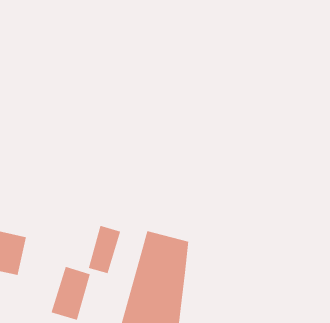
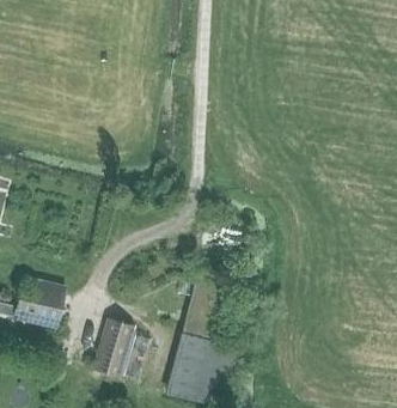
building: [88,225,121,274] -> none

